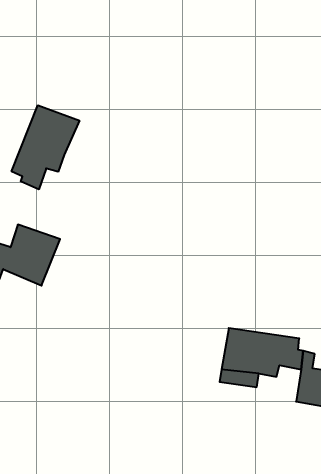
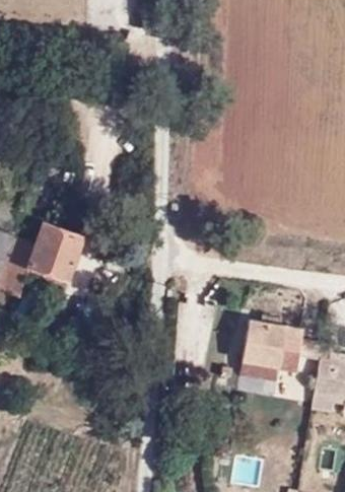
building: [12,105,79,189] -> none

